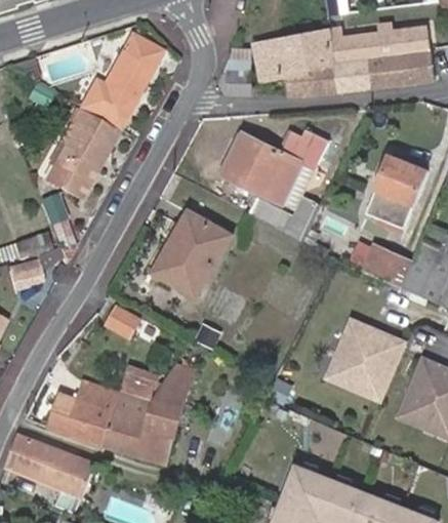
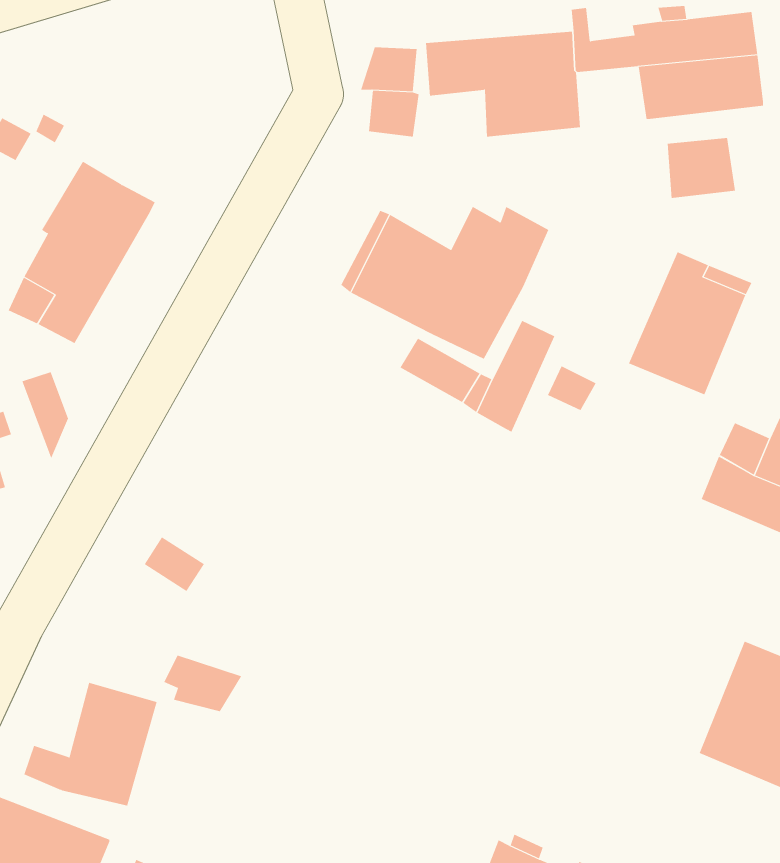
building: [79,41,158,129] -> none
building: [336,58,372,90] -> [667,138,736,199]
building: [155,208,233,294] -> none
building: [366,244,411,284] -> none
building: [325,321,405,402] -> none
building: [103,358,191,461] -> none

